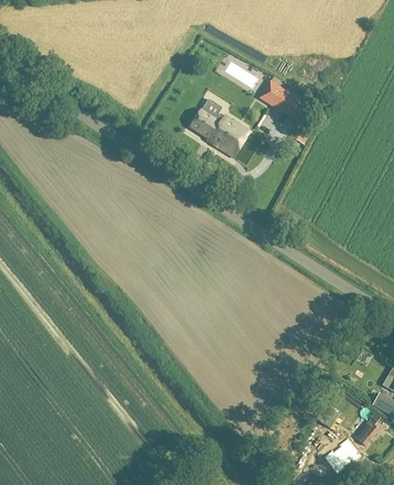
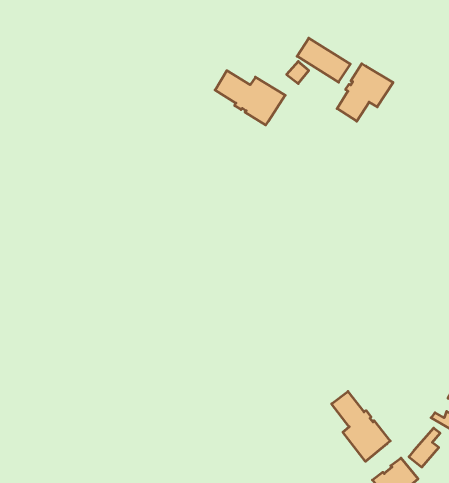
building: none -> [337,64,393,121]
building: none -> [332,391,390,461]

